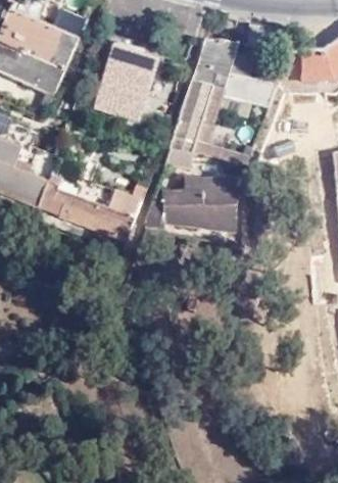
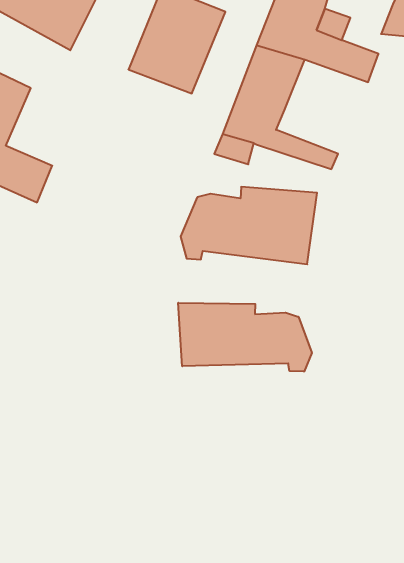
building: [39,178,140,242] -> none
building: none -> [178,303,312,372]

